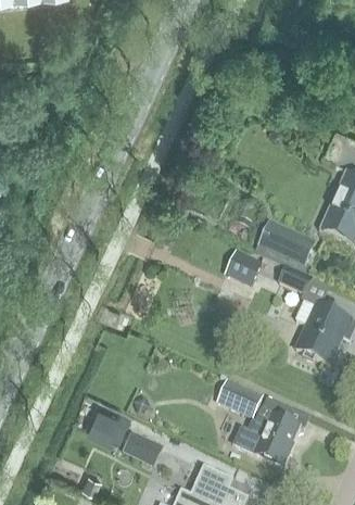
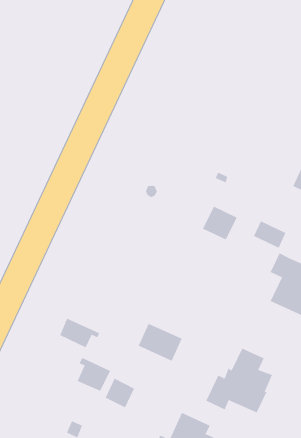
building: [256,219,315,266] -> none
building: none -> [60,318,100,348]
building: [215,378,262,418] -> [138,323,183,361]

